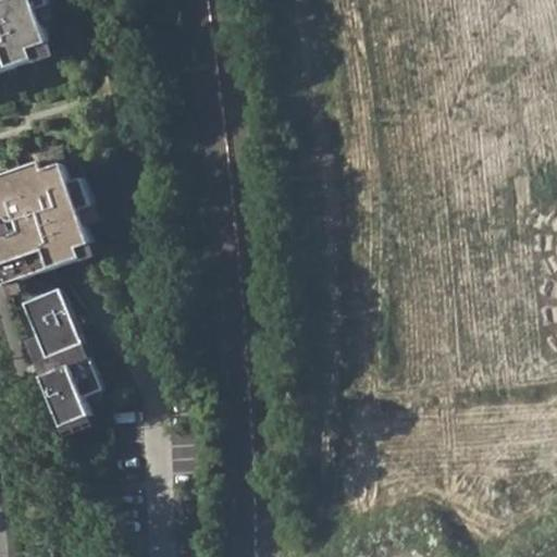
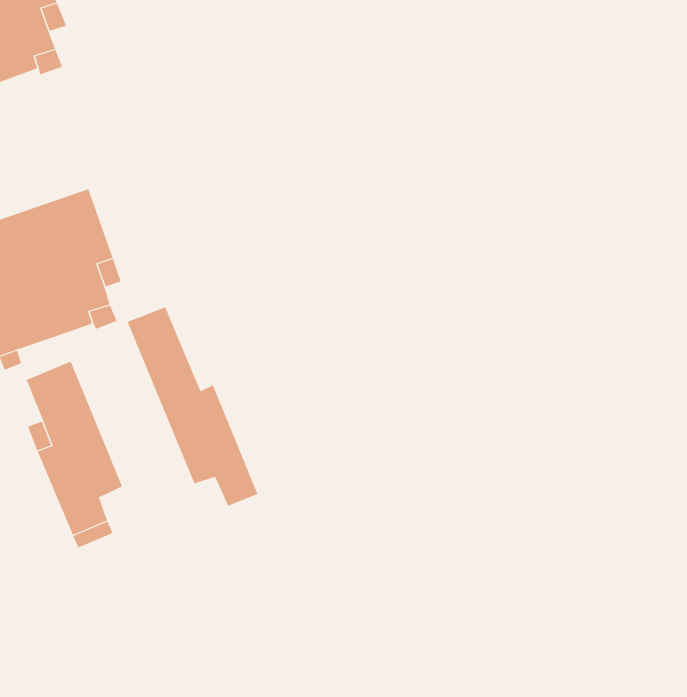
building: none -> [127,306,258,506]

